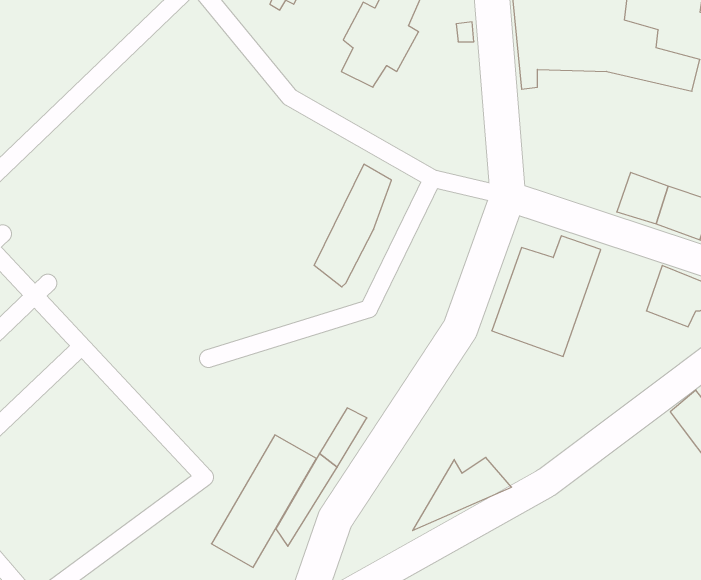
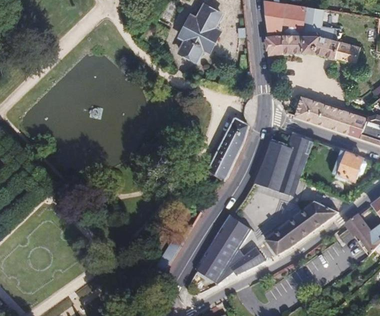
building: none -> [294,96,324,123]
building: [314,164,391,287] -> [208,120,247,182]
building: none -> [266,180,349,253]
building: [211,435,316,567] -> [193,217,246,284]

